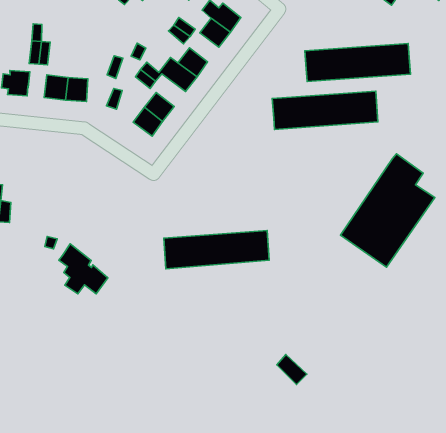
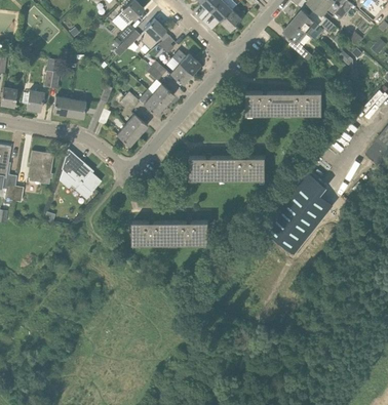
building: [272,91,378,129] -> [189,157,265,179]
building: none -> [27,151,53,184]
building: [59,244,108,294] -> [66,155,101,193]

